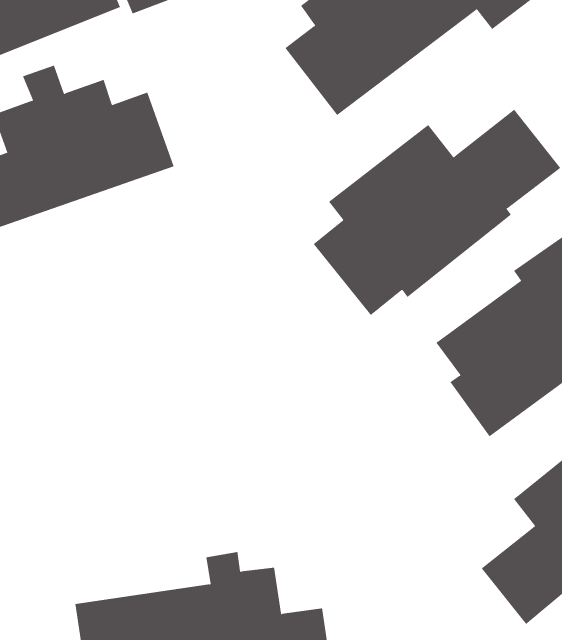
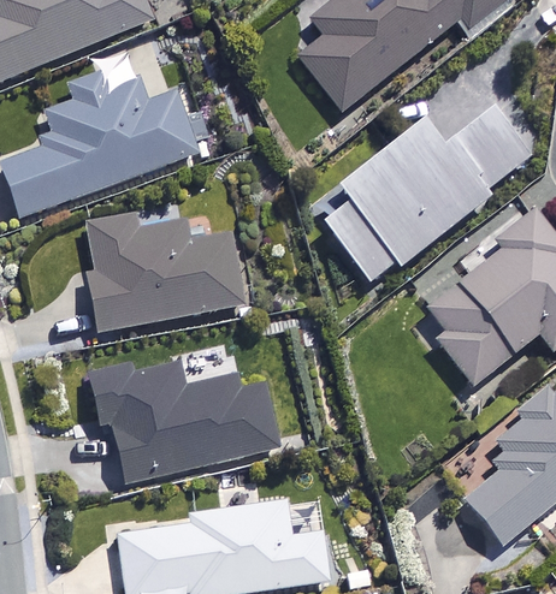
building: none -> [85,215,246,332]
building: none -> [88,358,280,482]

